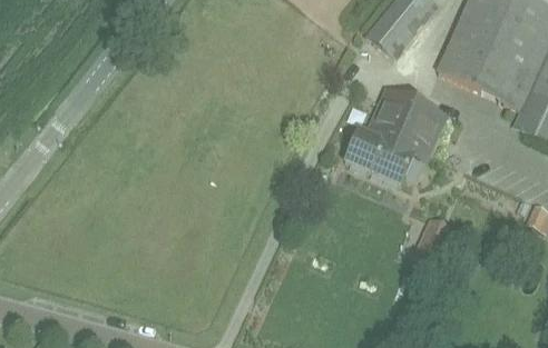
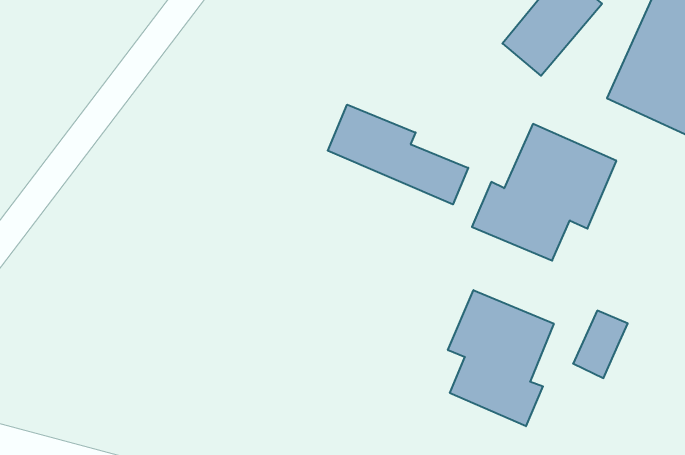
building: none -> [328,105,468,204]
building: none -> [448,290,554,426]

